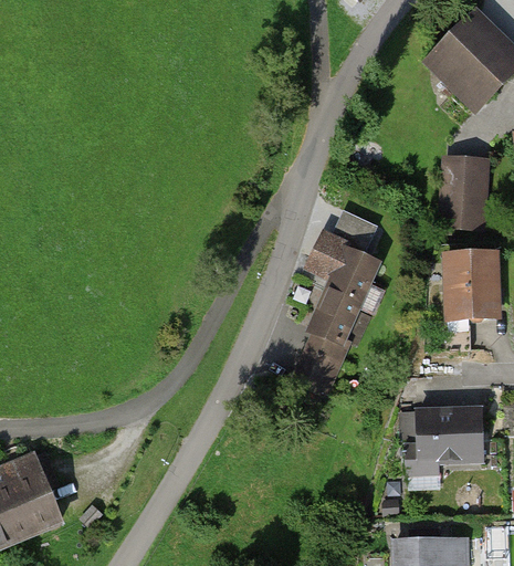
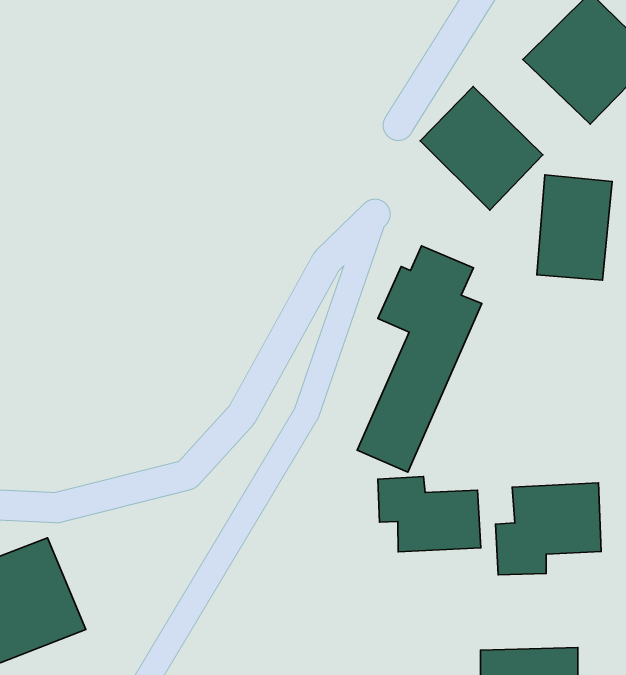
building: none -> [420,87,543,210]
building: [440,248,501,322] -> none
building: none -> [378,476,481,552]

